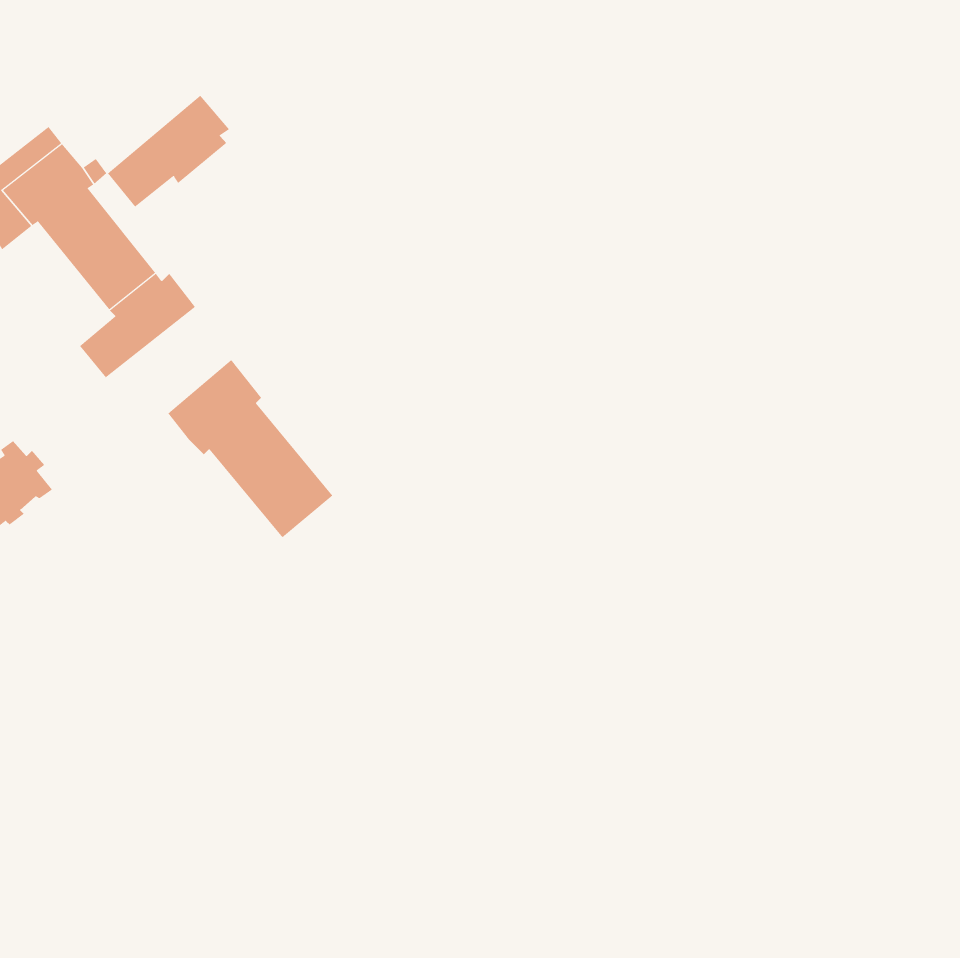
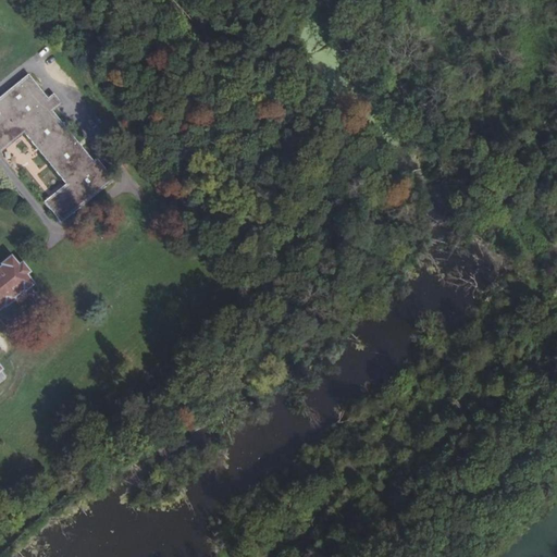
building: [107,95,230,207] -> none
building: [167,359,333,538] -> none

